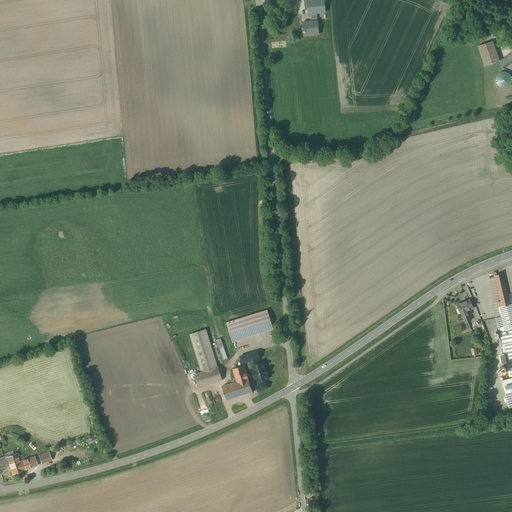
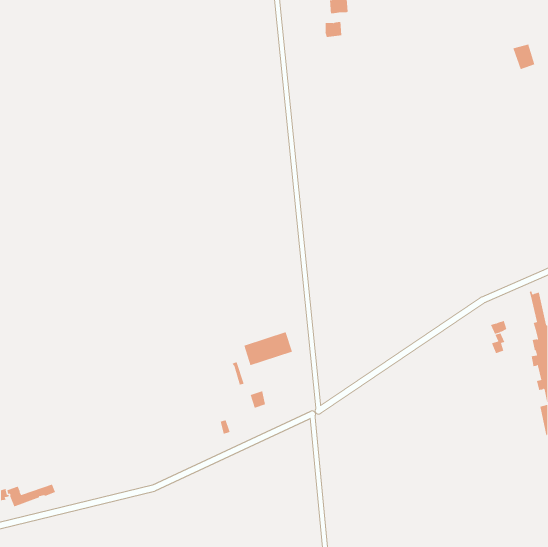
building: [190,328,223,387] -> none
building: [222,377,253,400] -> none

